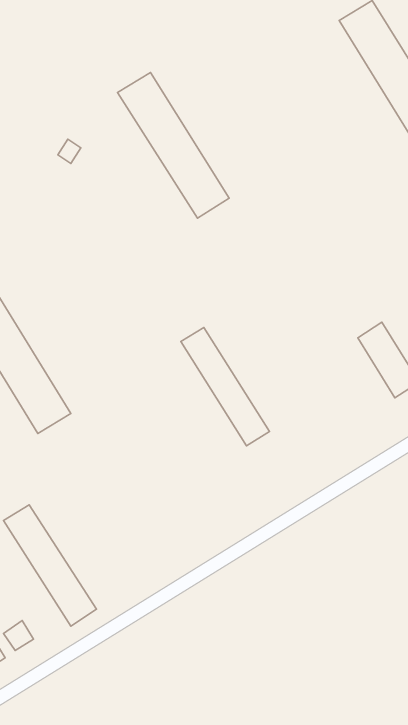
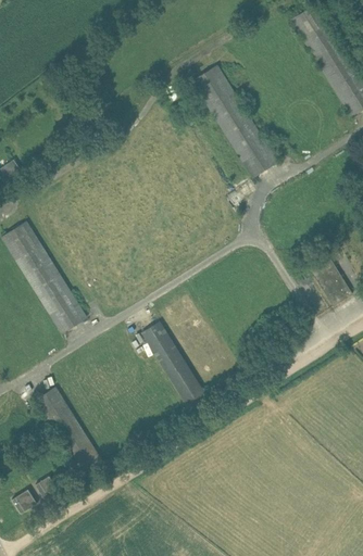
building: [118,72,229,218] -> [192,65,277,176]
building: [181,327,269,446] -> [142,321,210,412]

